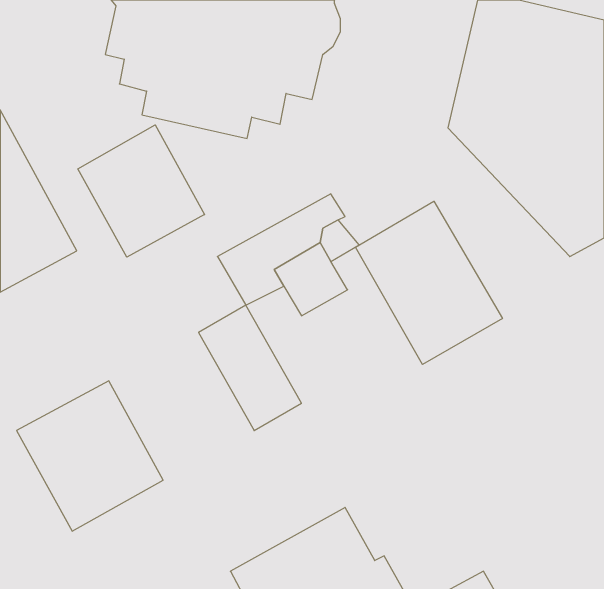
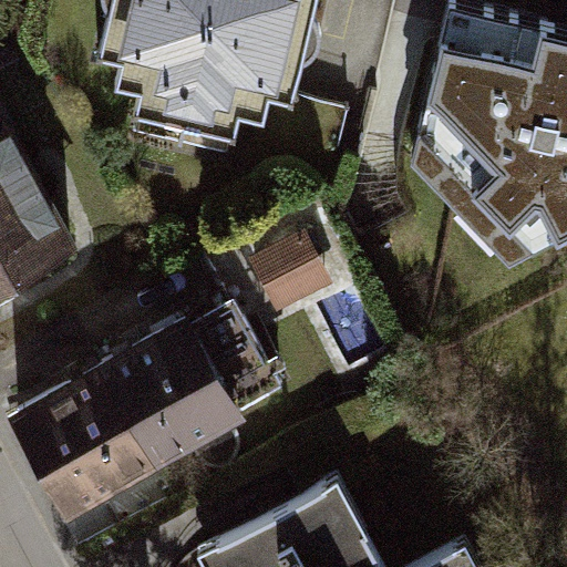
building: [78,125,205,257] -> none
building: [355,201,502,364] -> none
building: none -> [102,326,238,464]

